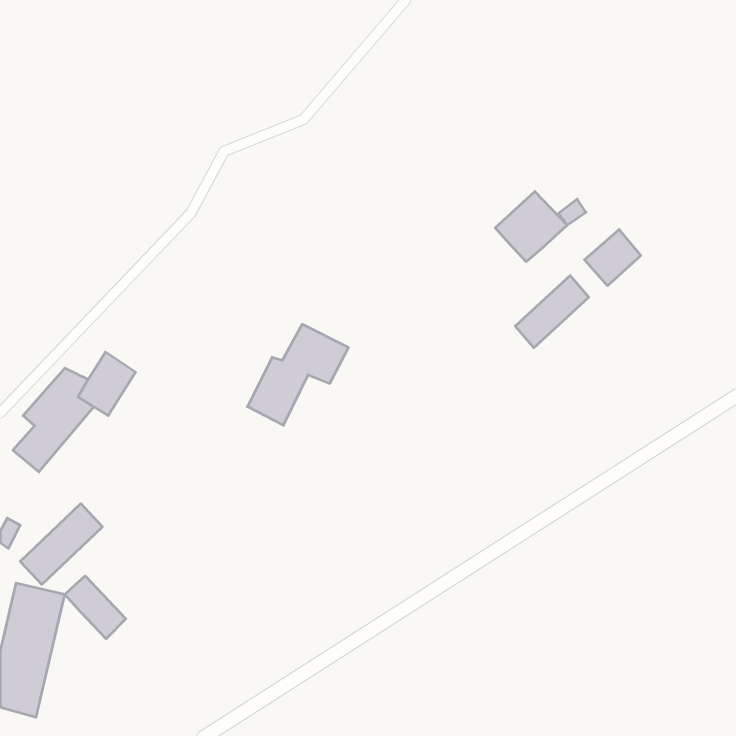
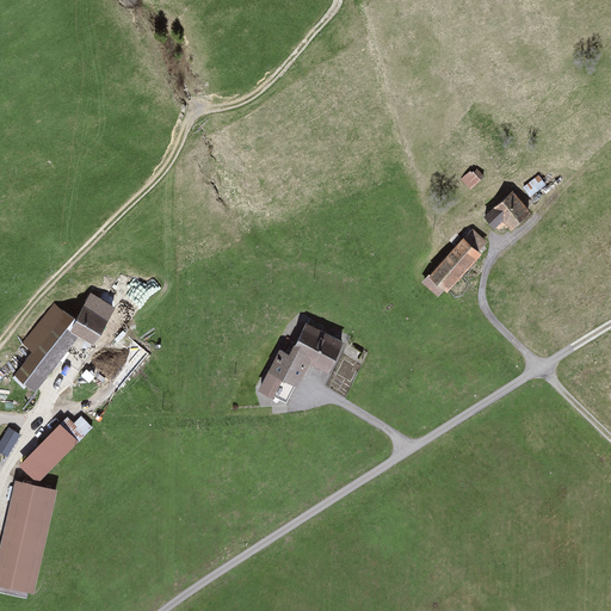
building: [495,191,567,262] -> none
building: [247,324,348,425] -> [259,323,342,407]
building: [65,576,126,639] -> none

